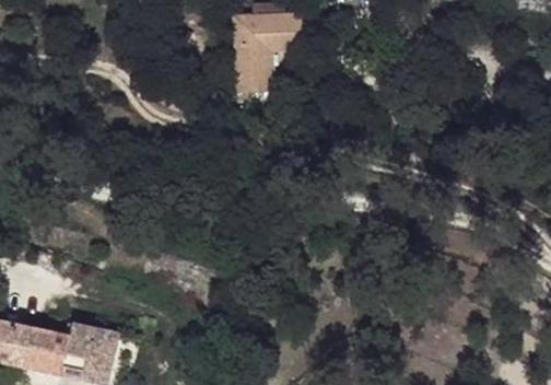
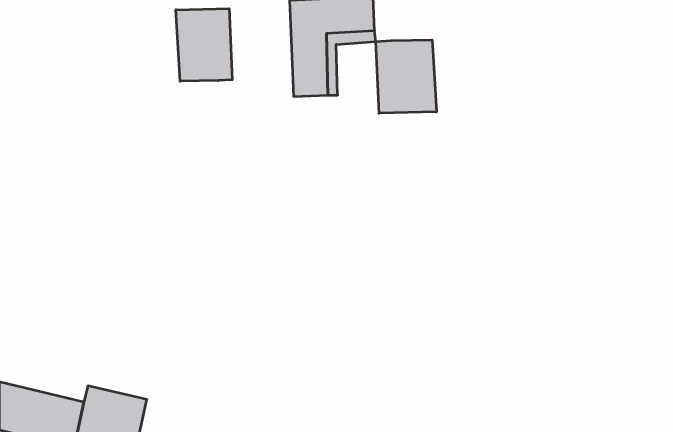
building: none -> [176,9,232,81]
building: none -> [376,40,436,113]

